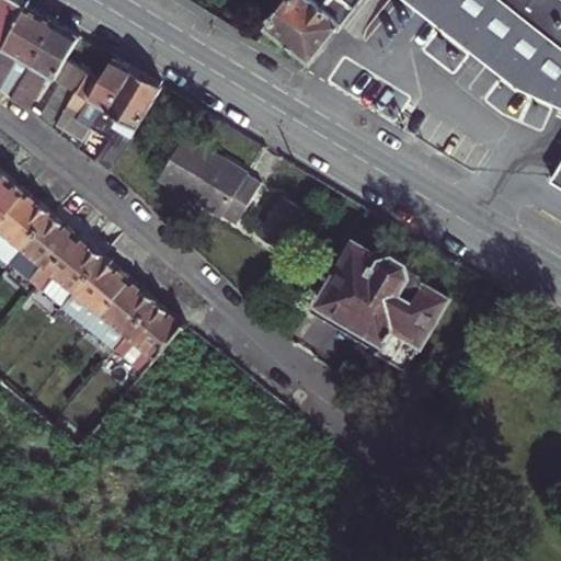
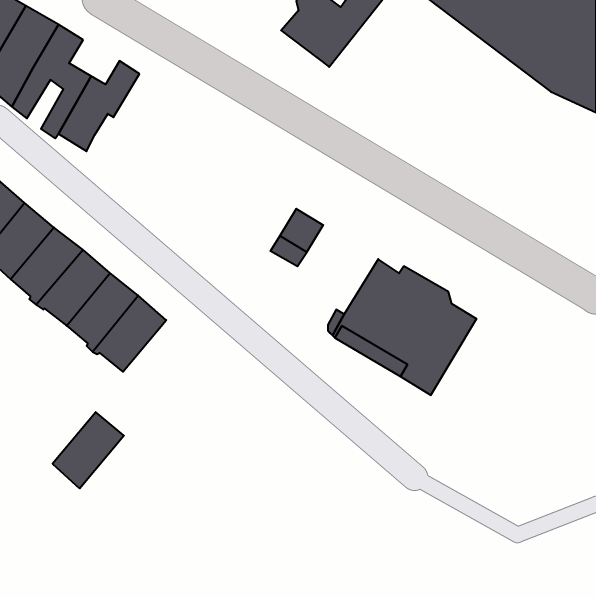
building: [89,69,160,169] -> none
building: [158,137,259,222] -> none
building: [115,299,182,370] -> [53,412,124,488]

